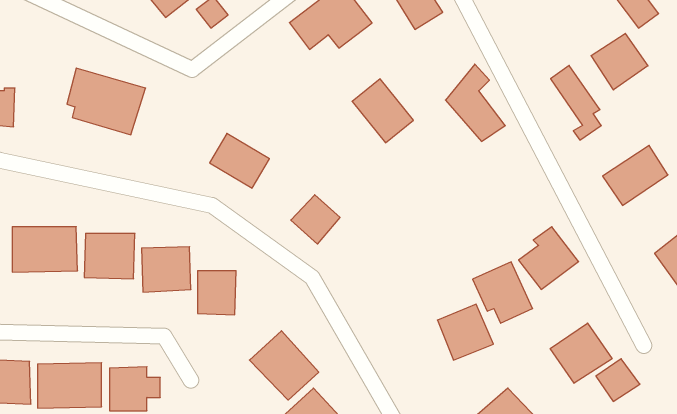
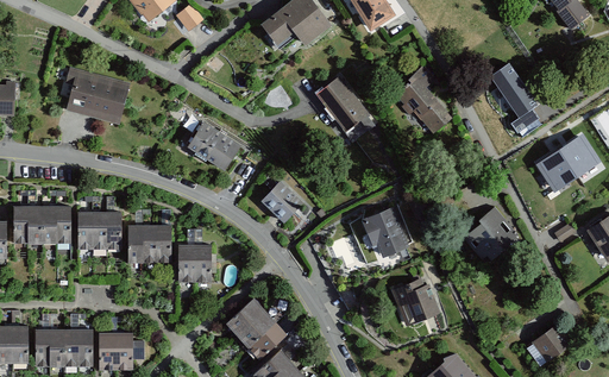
building: [591,33,648,90] -> none
building: [473,262,533,323] -> [359,203,413,258]
building: [550,323,612,383] -> none

